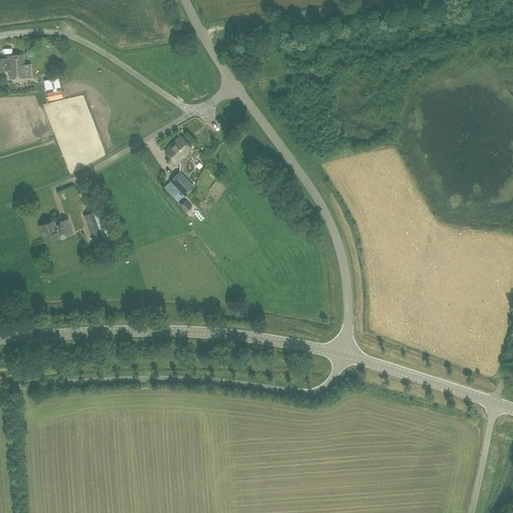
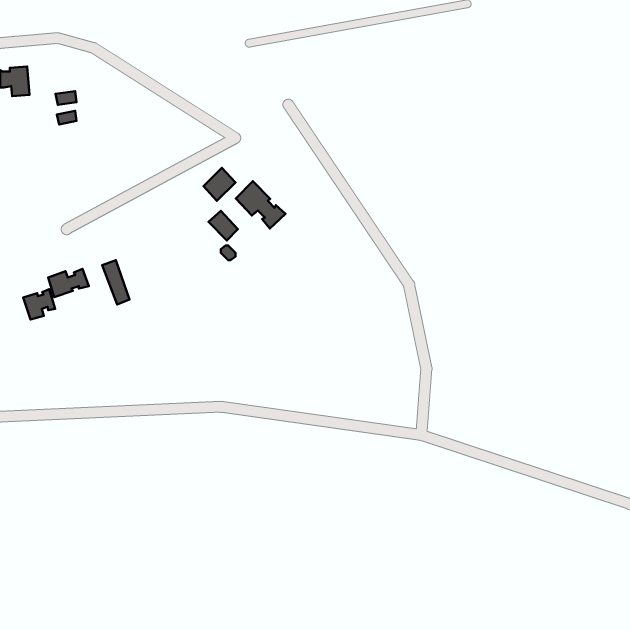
building: none -> [236,181,286,229]
building: none -> [23,289,55,320]

